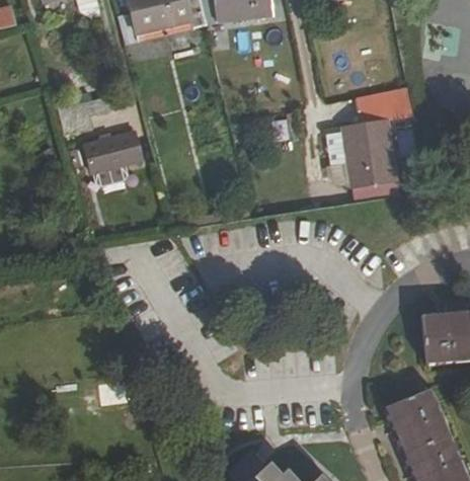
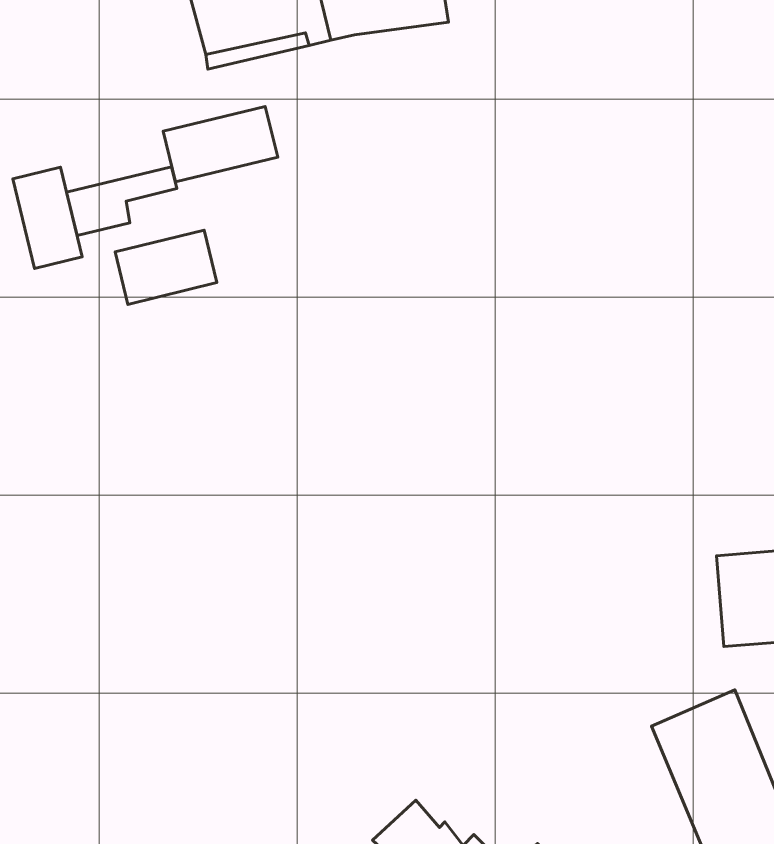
building: none -> [163,107,278,182]
building: [342,87,413,188] -> none
building: none -> [13,167,82,268]

